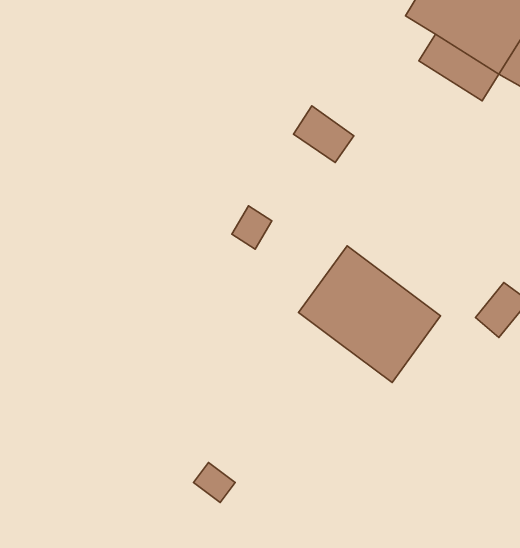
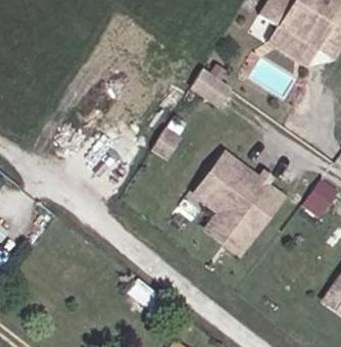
building: none -> [207,214,253,256]

